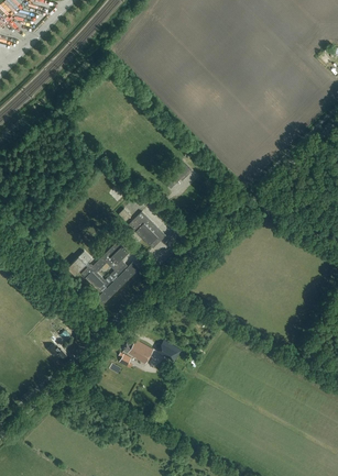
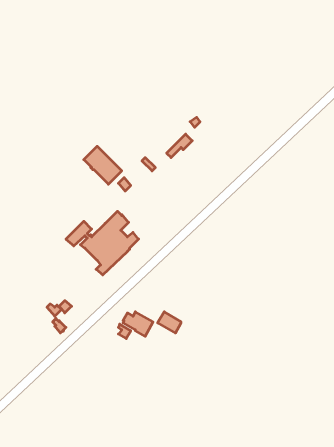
building: [129,212,166,250] -> [84,146,122,184]

